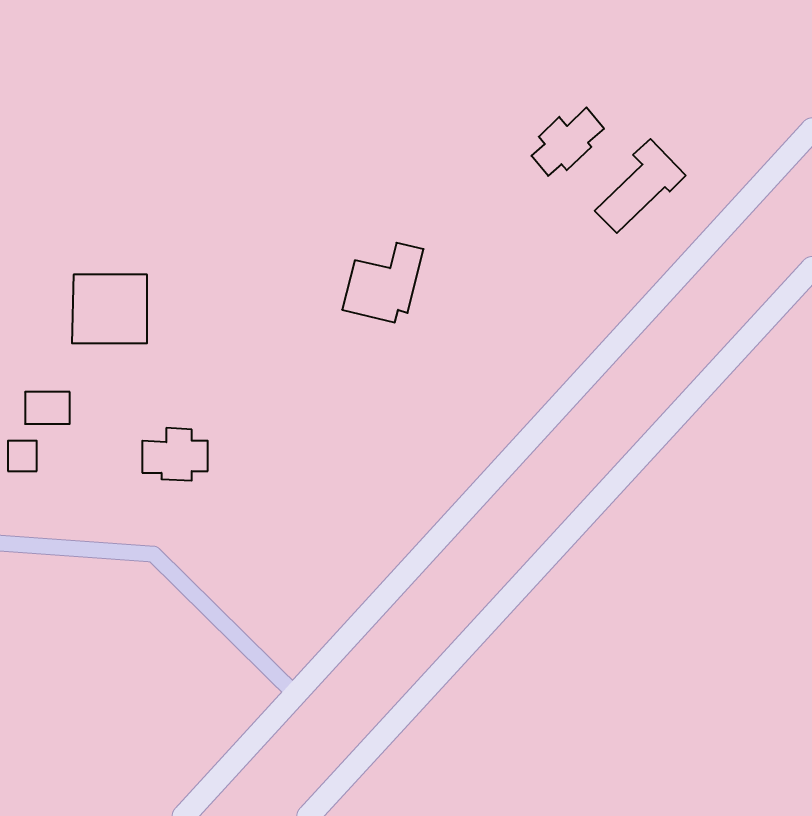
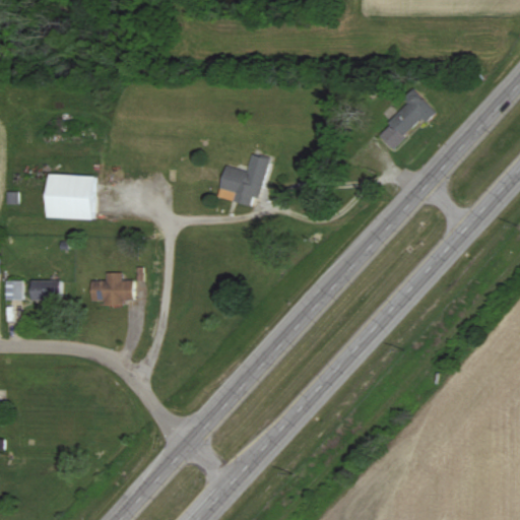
building: [531,107,604,176] -> none
building: [25,392,70,424] -> [30,280,59,301]

